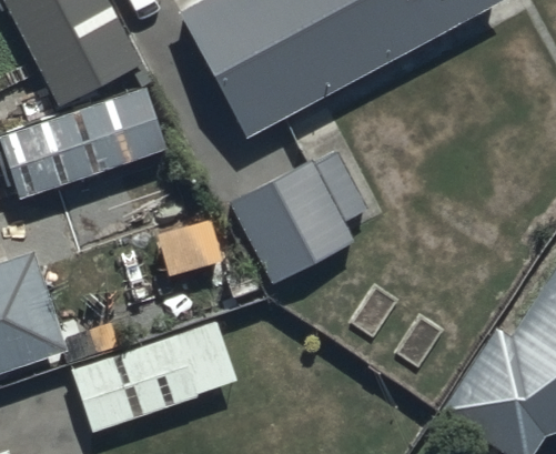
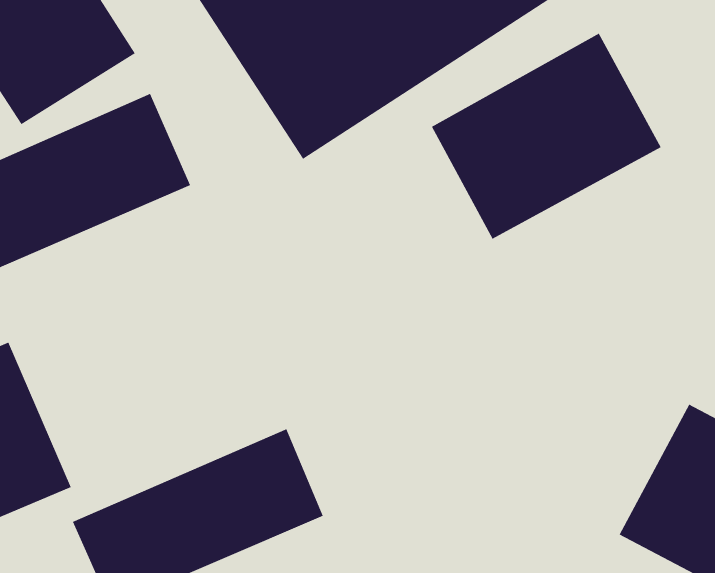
building: none -> [431,32,662,240]
building: [226,154,366,285] -> none

